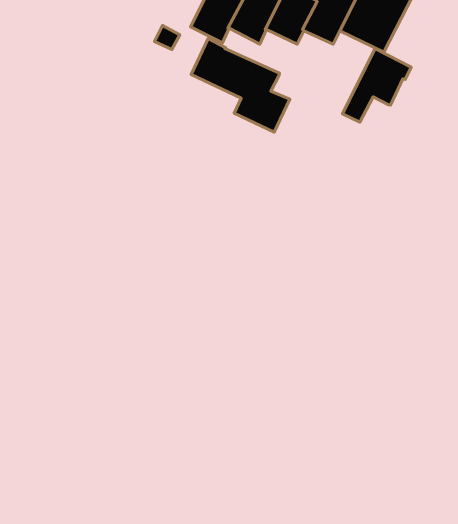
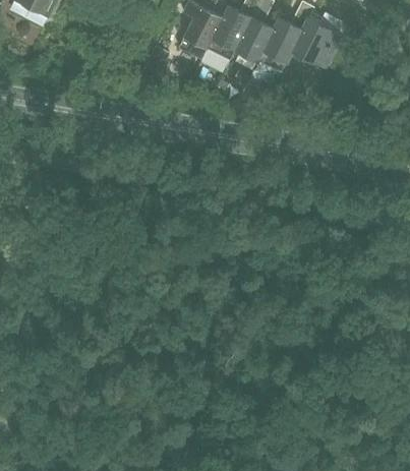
building: [191,39,290,132] -> none
building: [342,48,411,122] -> none

